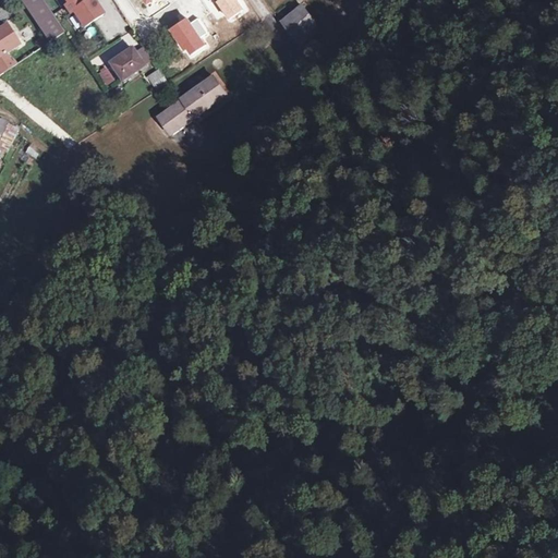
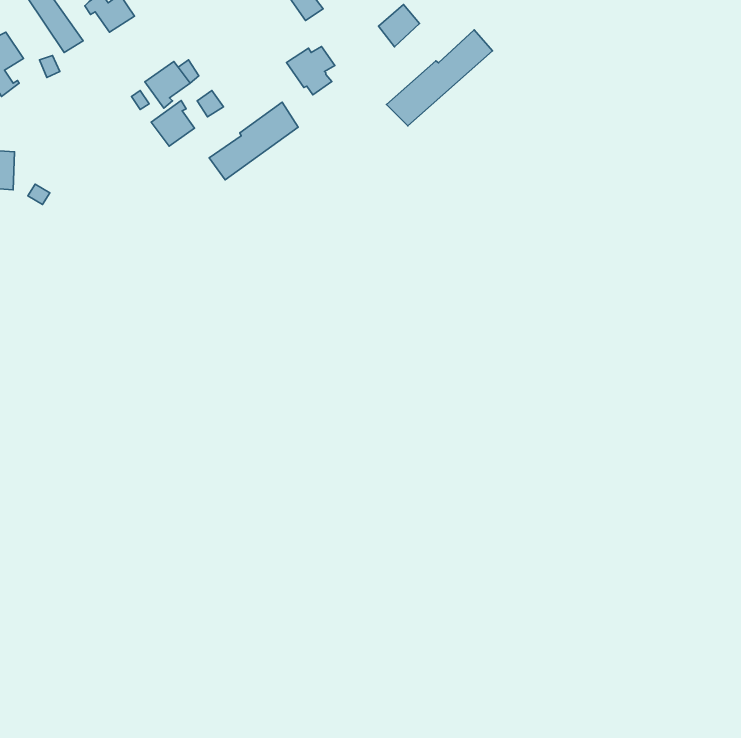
building: [170,15,206,51] -> [286,47,335,95]
building: none -> [386,30,492,126]
building: none -> [151,100,195,146]

